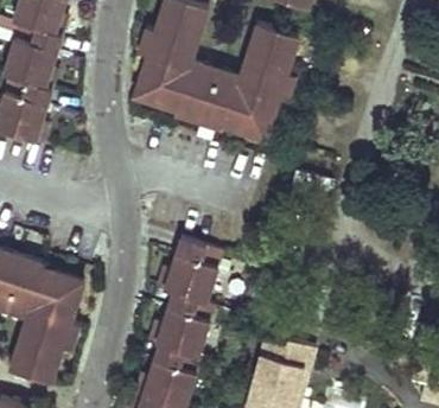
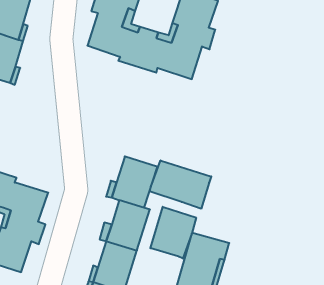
building: none -> [150,160,211,209]
building: none -> [150,207,196,259]

